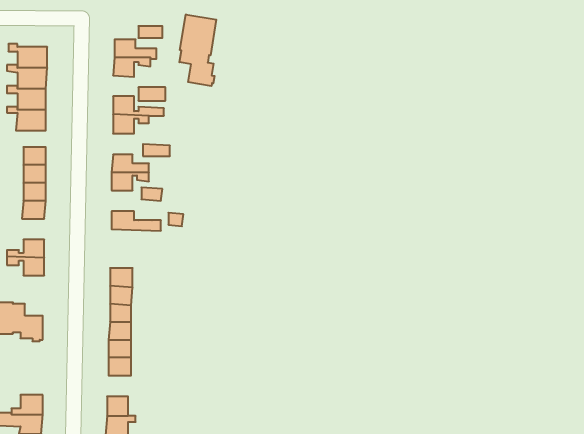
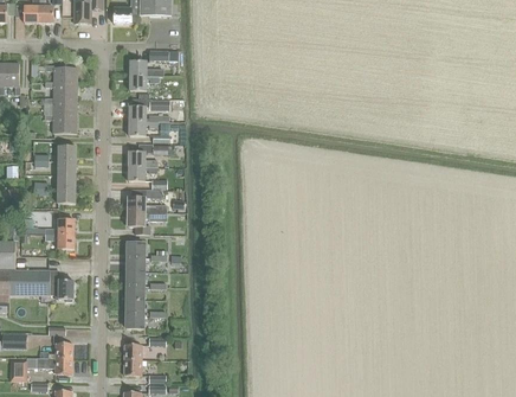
building: [179,14,216,86] -> none
building: none -> [128,211,167,233]

